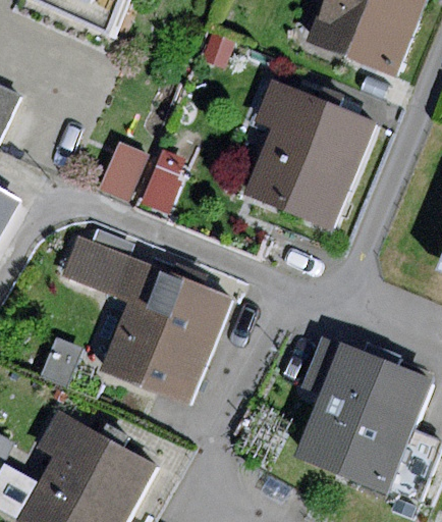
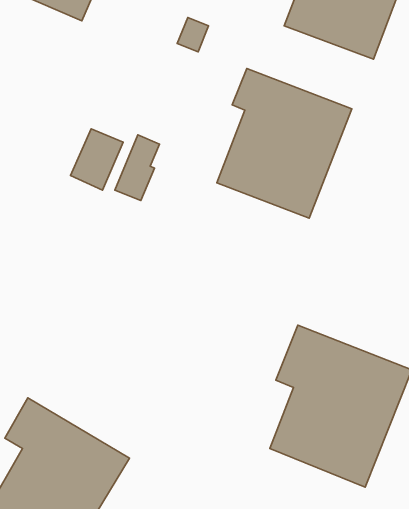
building: [59,236,233,406] -> none

